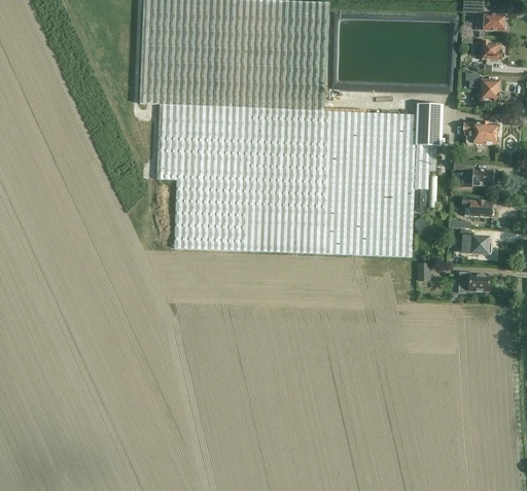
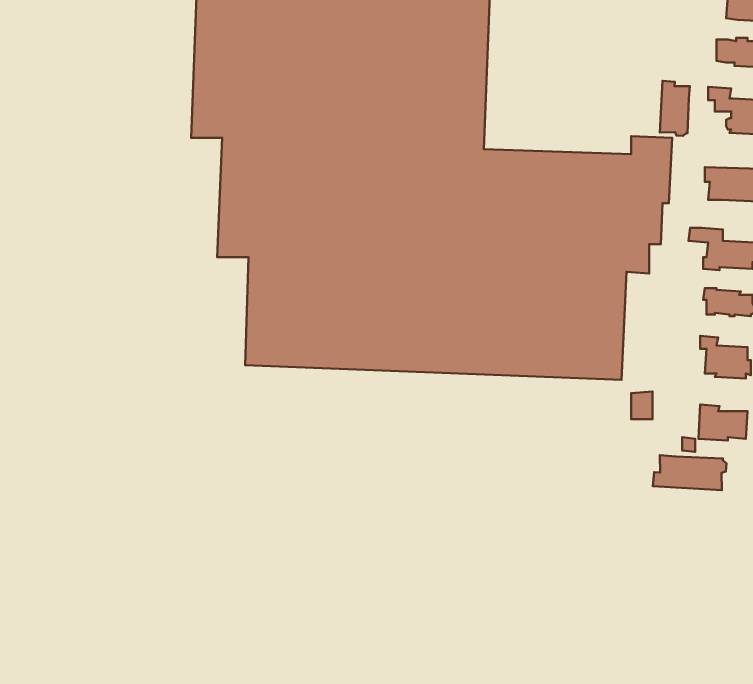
building: none -> [660,81,690,136]
building: none -> [653,455,727,490]

